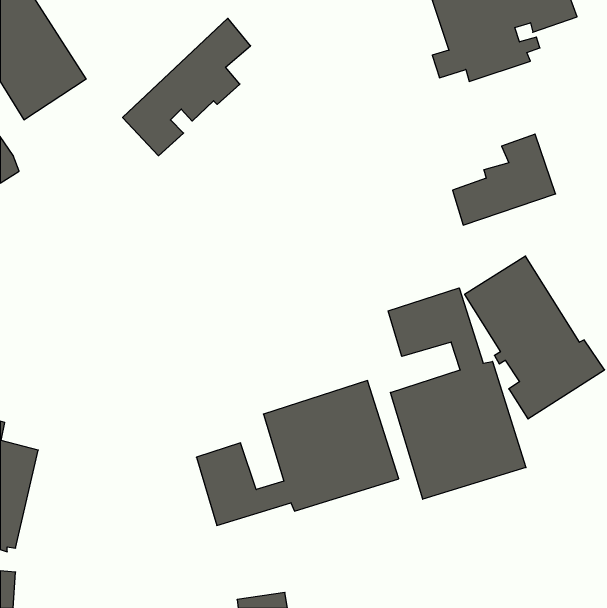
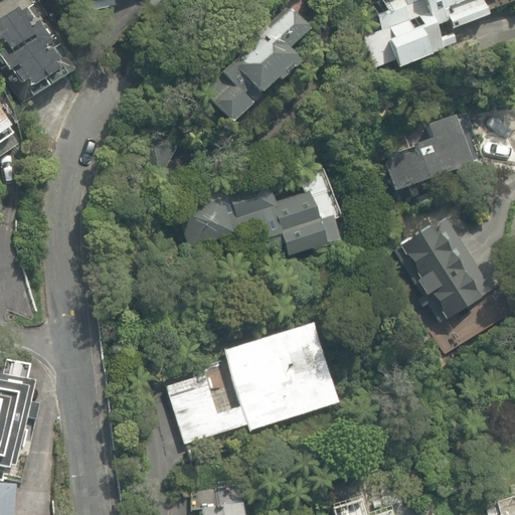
building: [123,18,251,156] -> [201,7,309,123]
building: none -> [175,164,340,259]
building: [388,288,526,499] -> none

